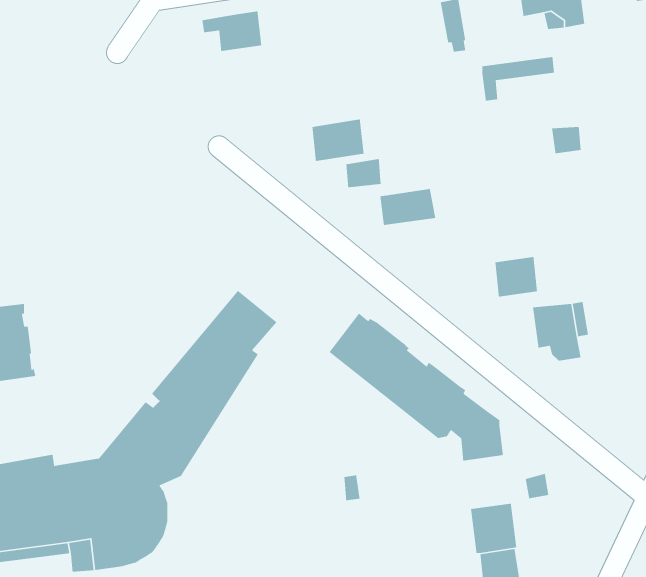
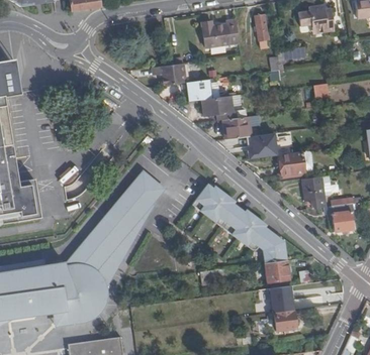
building: none -> [200,20,238,47]
building: [202,10,262,52] -> [153,64,185,86]
building: none -> [247,133,276,156]
building: none -> [333,198,356,232]
building: none -> [265,259,289,280]

